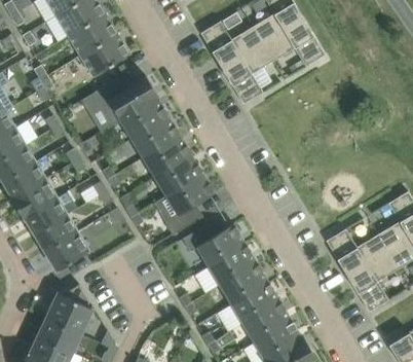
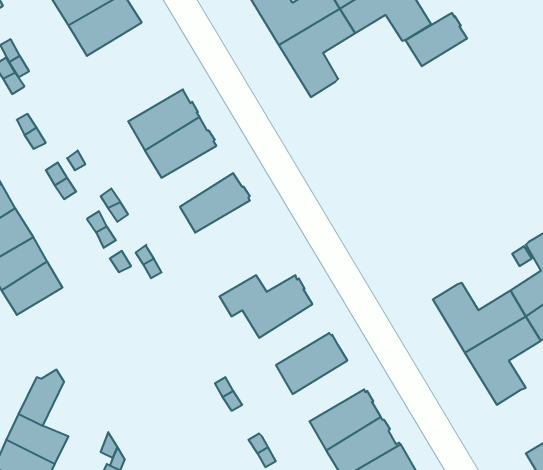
building: none -> [406,13,467,66]
building: [93,77,158,124] -> none
building: [143,137,191,178] -> none
building: [165,174,215,234] -> none
building: [45,232,88,270] -> none
building: [209,244,256,285] -> none
building: [231,282,279,323] -> none
building: [63,284,91,333] -> none

